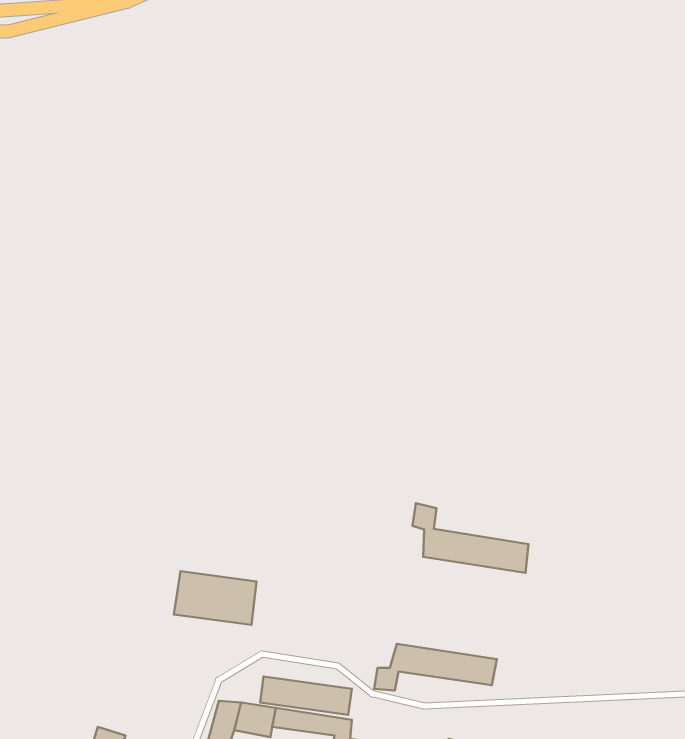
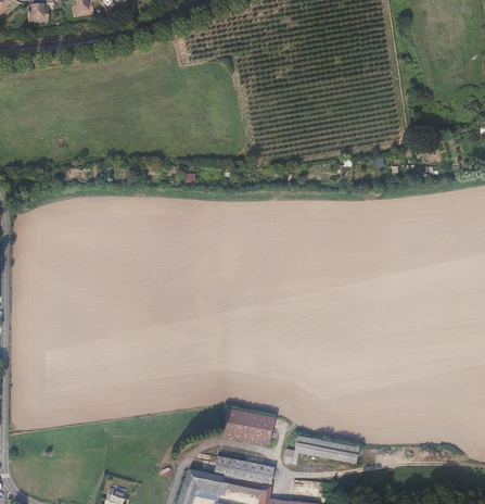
building: [413,503,529,573] -> none
building: [174,571,257,625] -> [221,408,273,442]

